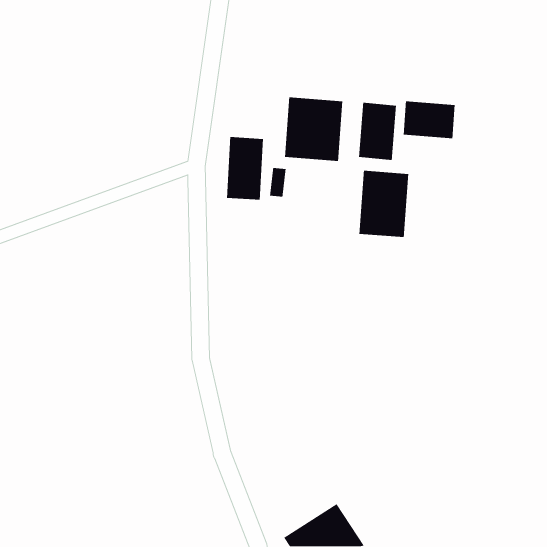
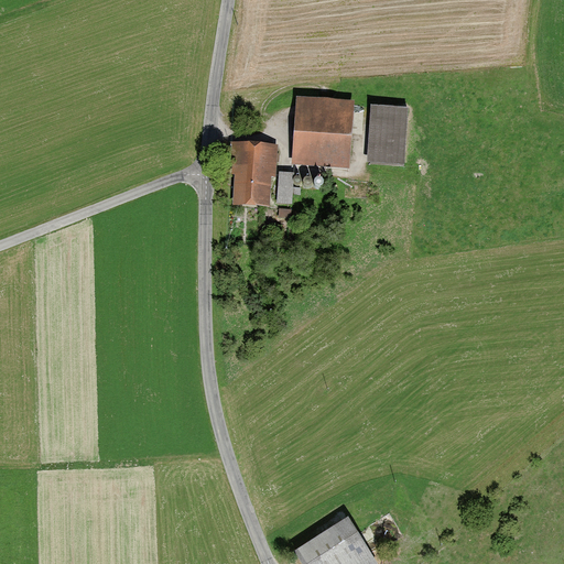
building: [403,100,456,139] -> none
building: [359,170,409,238] -> none

